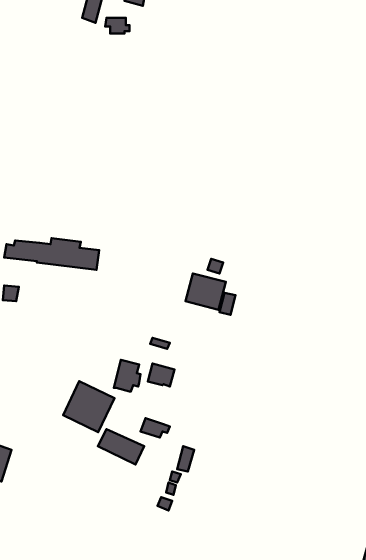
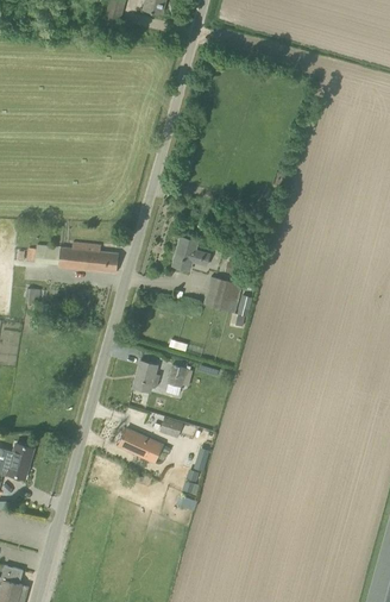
building: none -> [174,237,212,270]
building: [63,381,114,432] -> none

